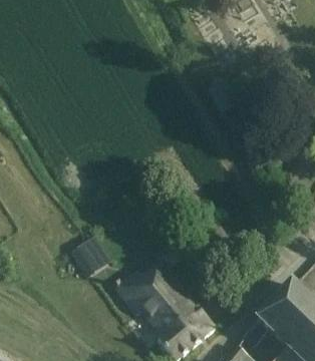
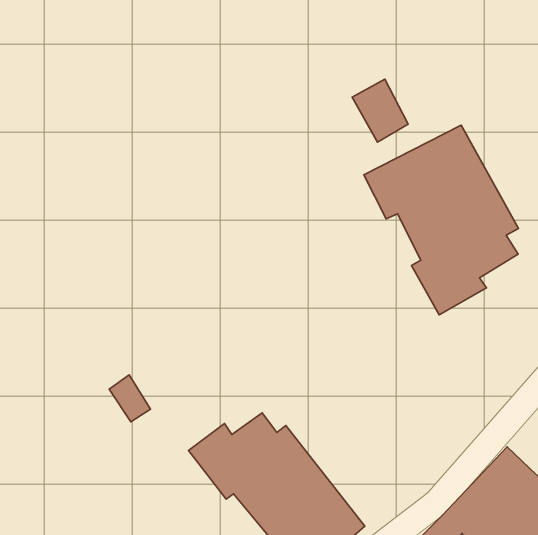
building: none -> [364,125,518,315]

